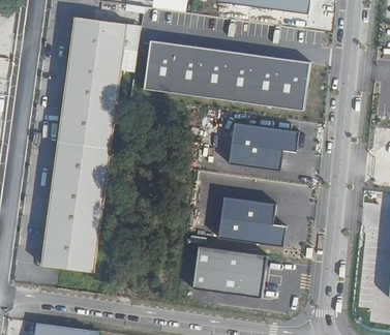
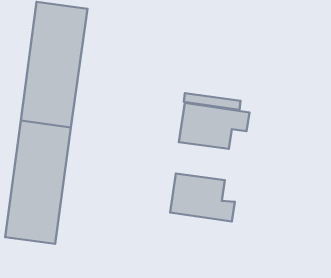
building: [142,40,306,110] -> none
building: [191,246,263,299] -> none

